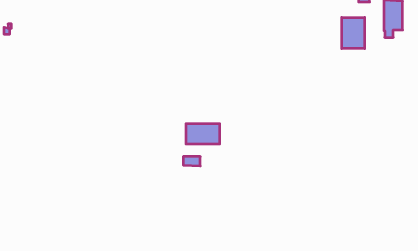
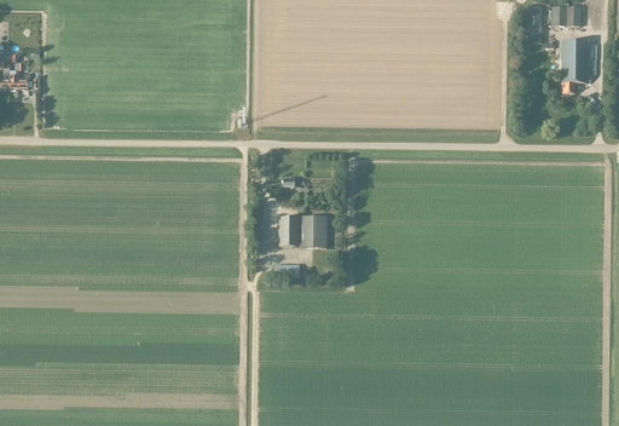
building: [342,17,365,49] -> none

